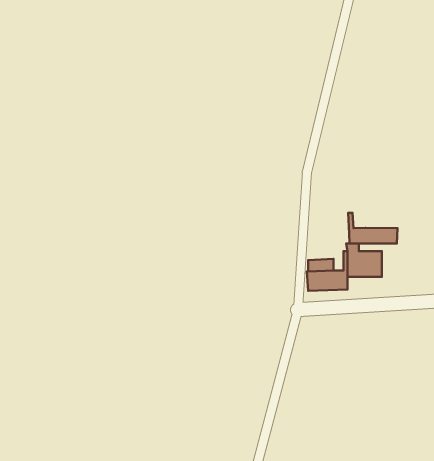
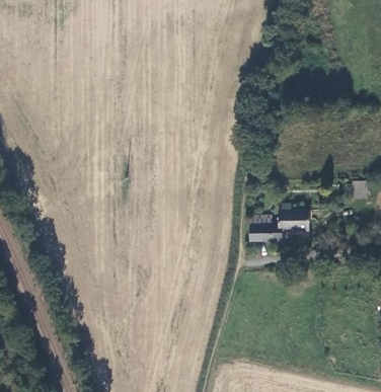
building: [348,213,398,244] -> none

